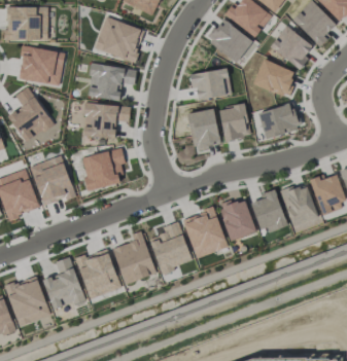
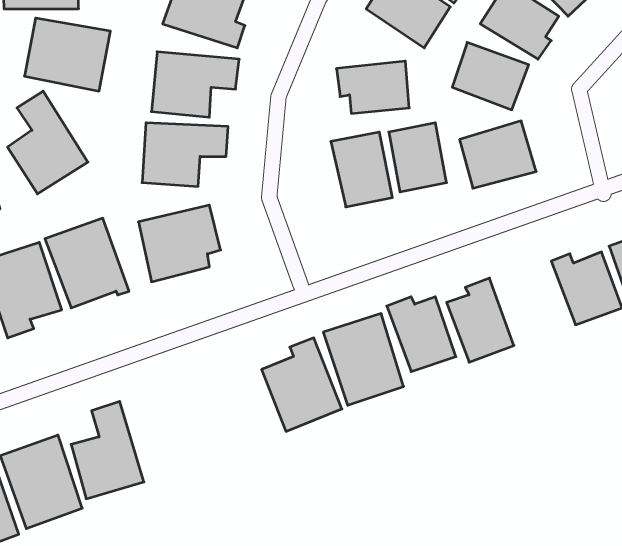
building: [281,183,318,225] -> none
building: [112,230,155,284] -> none
building: [74,249,120,298] -> none

